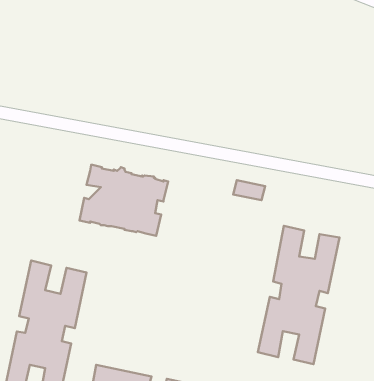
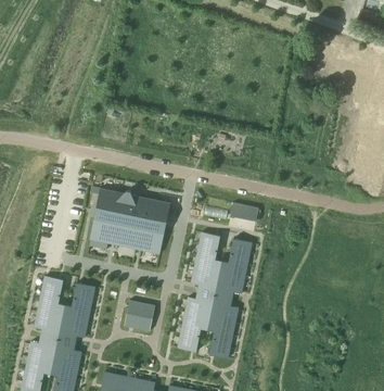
building: [258,226,340,364] -> [177,231,252,358]
building: none -> [124,300,155,331]

